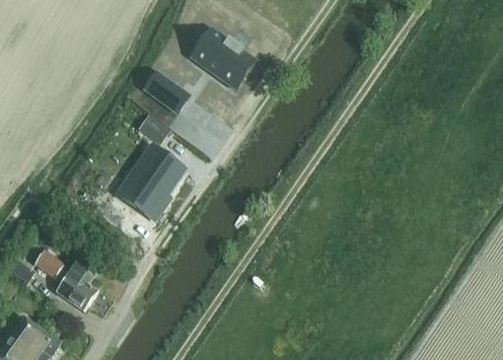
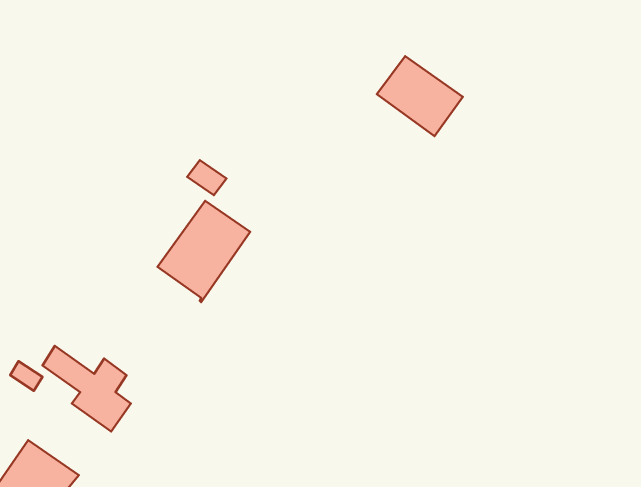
building: [191,29,253,87] -> [377,56,463,136]
building: [144,73,189,113] -> none

